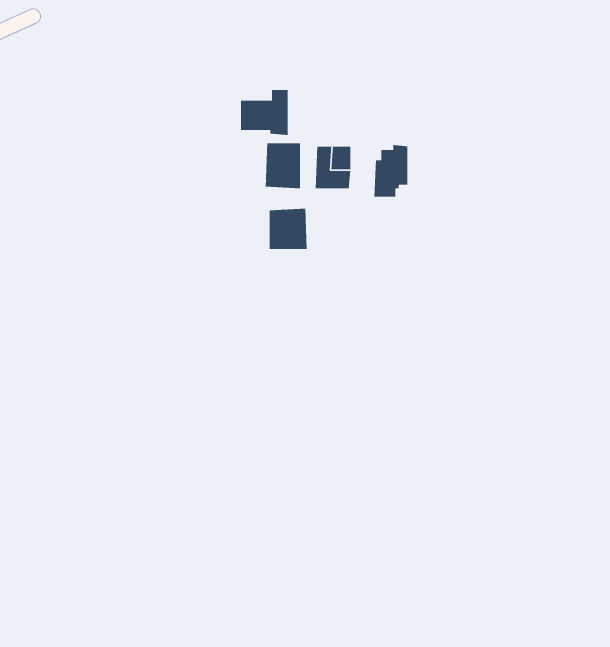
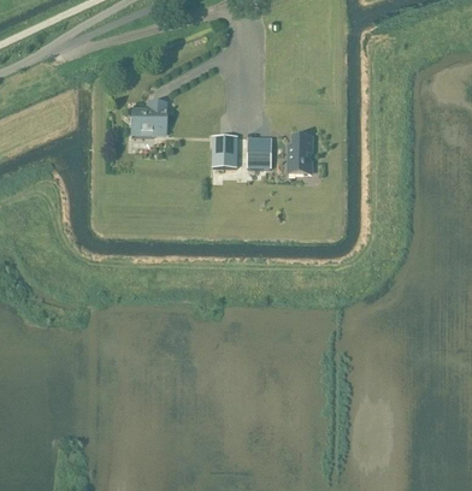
building: [240,89,289,138] -> [131,102,165,136]
building: [269,208,308,250] -> none

